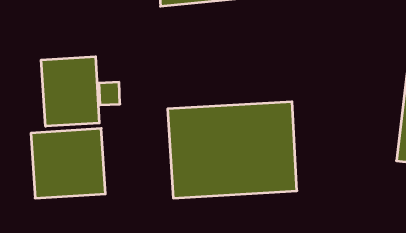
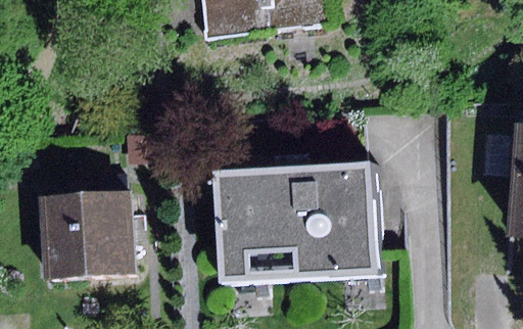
building: [41,57,99,126] -> none

